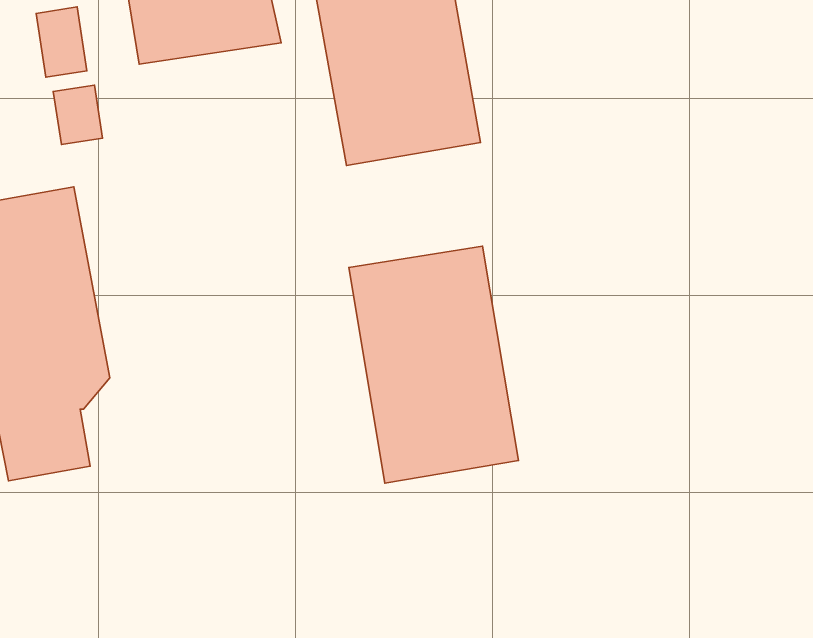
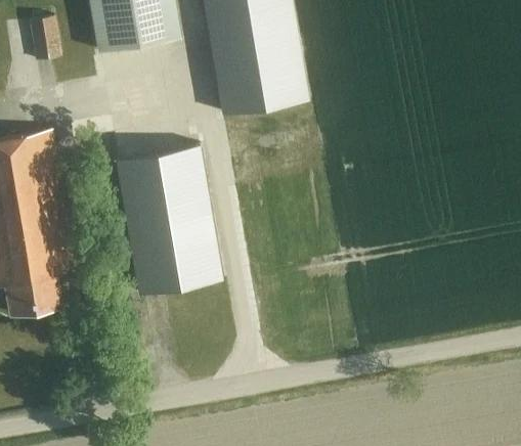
building: [53,85,103,144] -> none
building: [349,246,519,483] -> [116,144,222,293]

